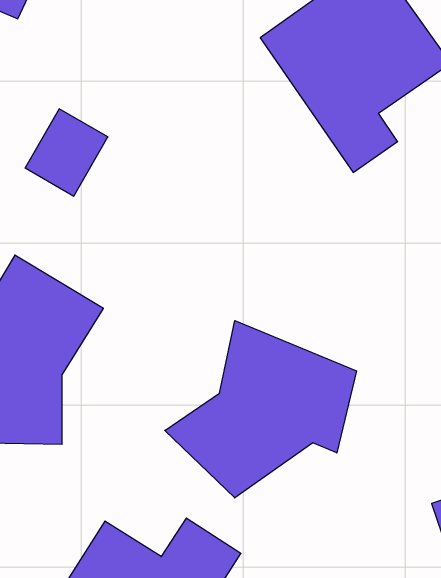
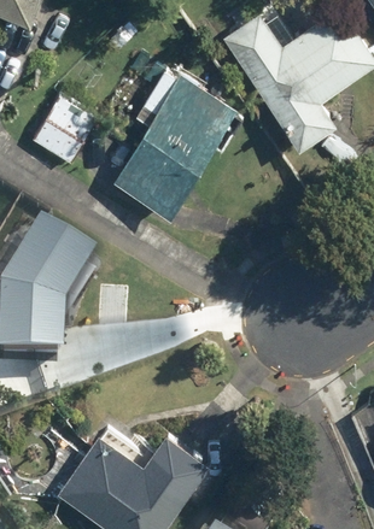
building: none -> [113,64,244,214]
building: [165,321,356,498] -> none

